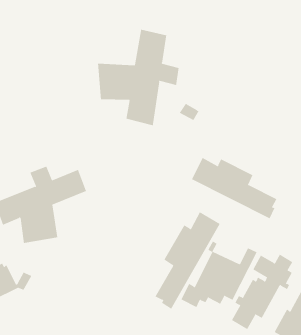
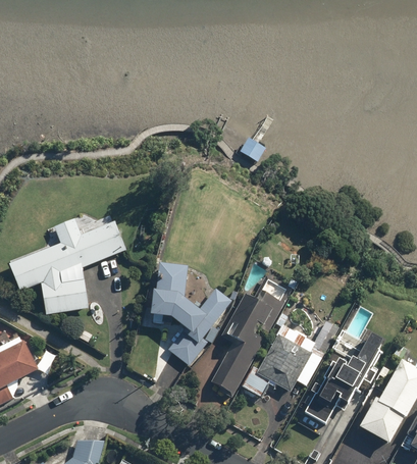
building: [97,29,179,126] -> none
building: [191,157,277,219] -> none
building: none -> [151,263,232,367]

